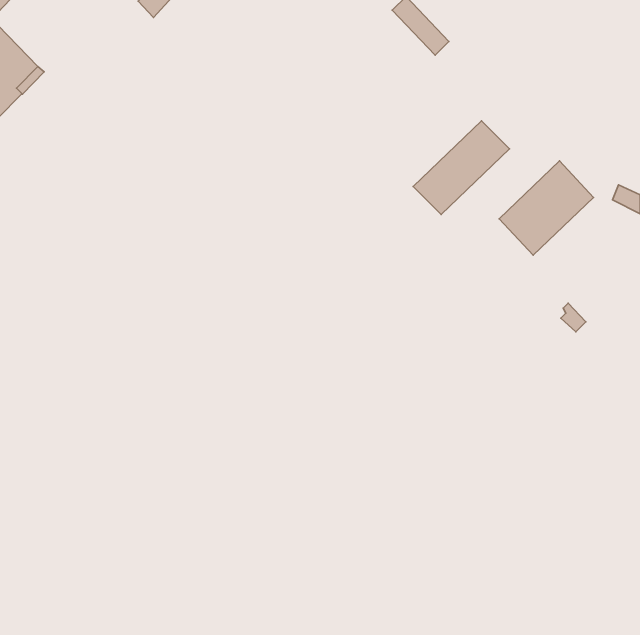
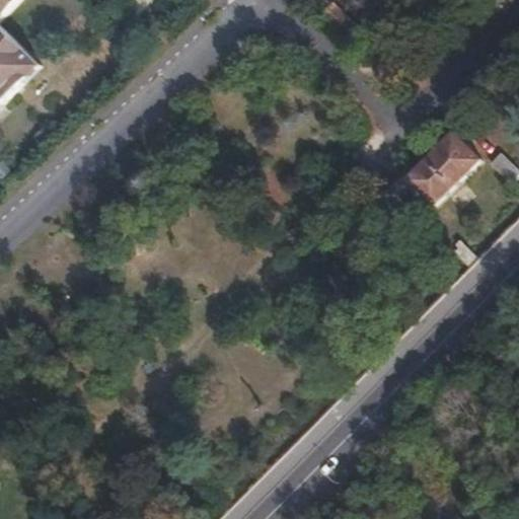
building: [413,121,510,214] -> none

